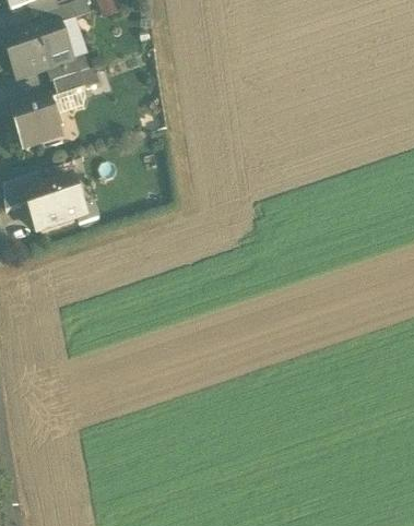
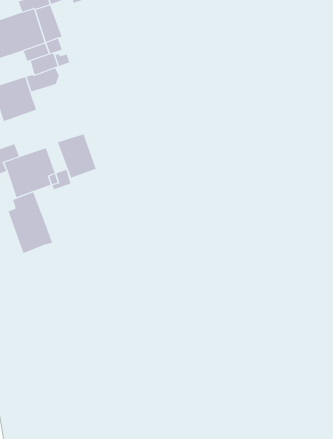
building: none -> [57,134,97,179]
building: none -> [8,191,53,254]

